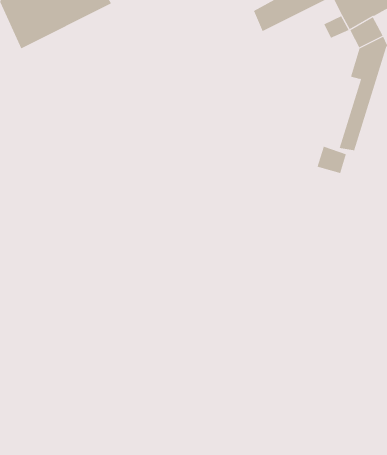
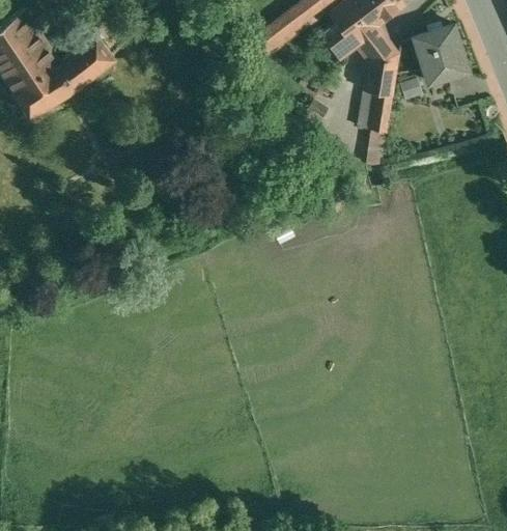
building: [317,146,347,174] -> none

